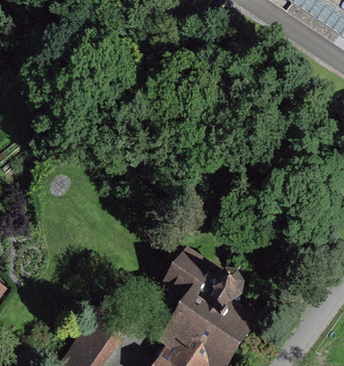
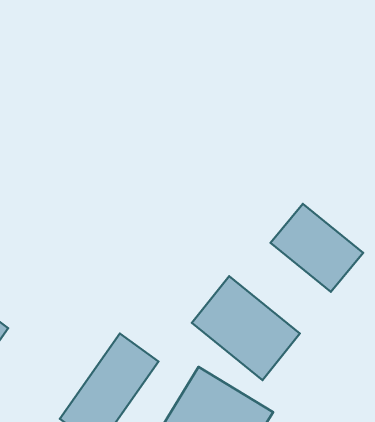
building: none -> [270,204,363,292]

